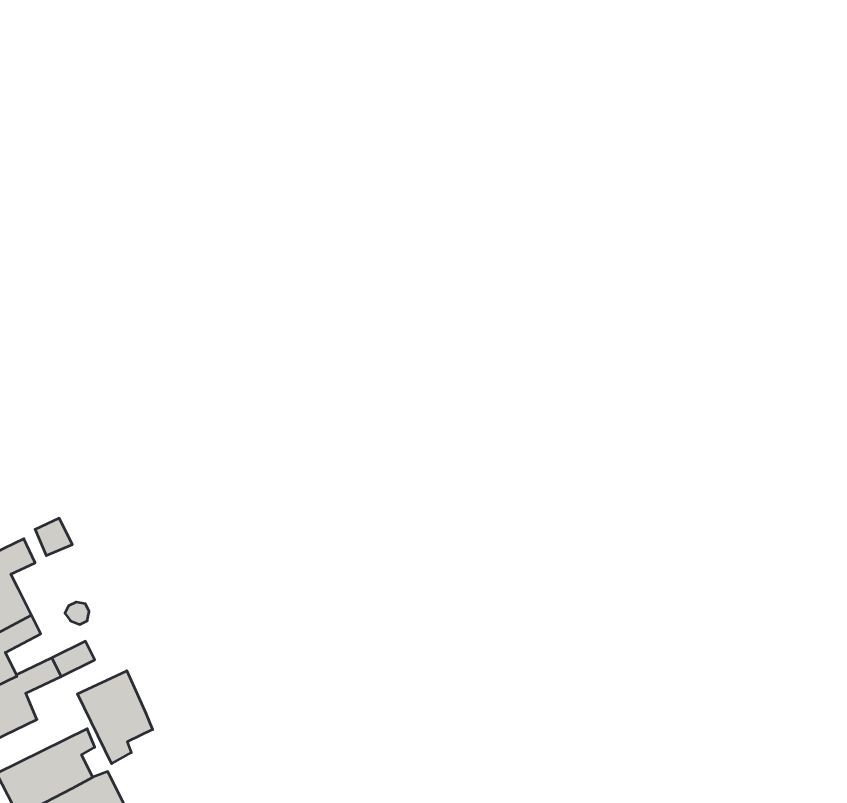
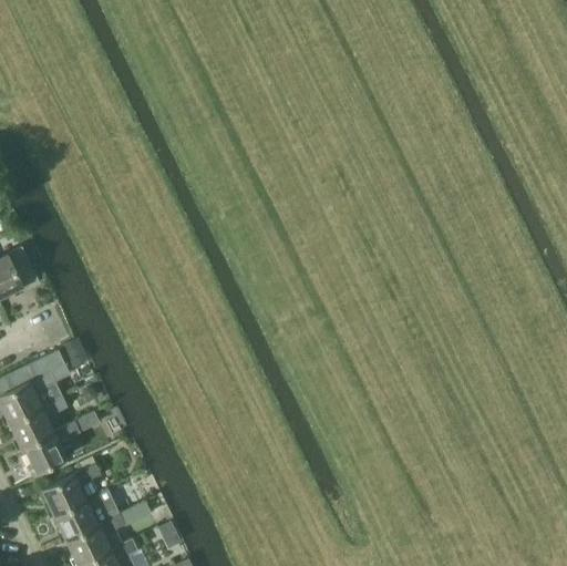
building: [77,671,153,764] -> none

